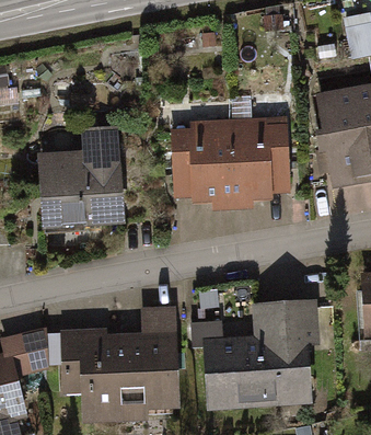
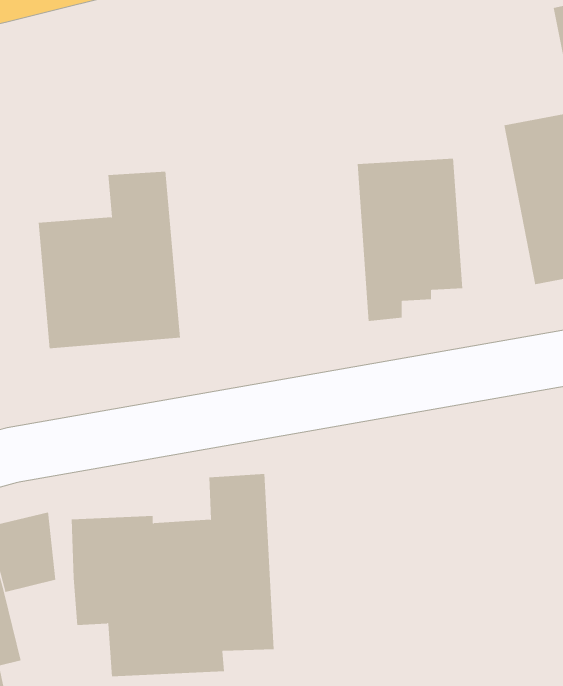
building: [169,118,235,214] -> none
building: [190,300,320,411] -> none

